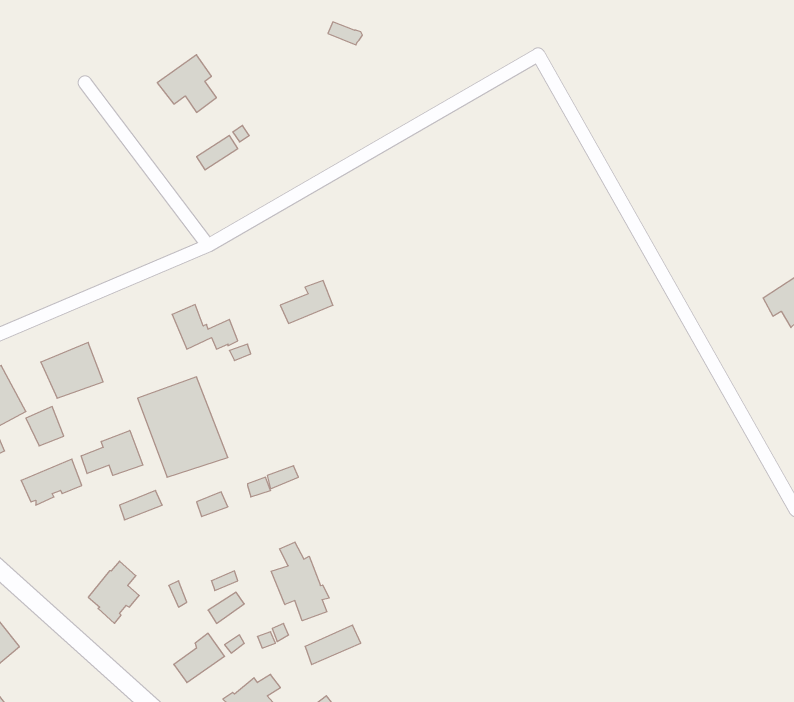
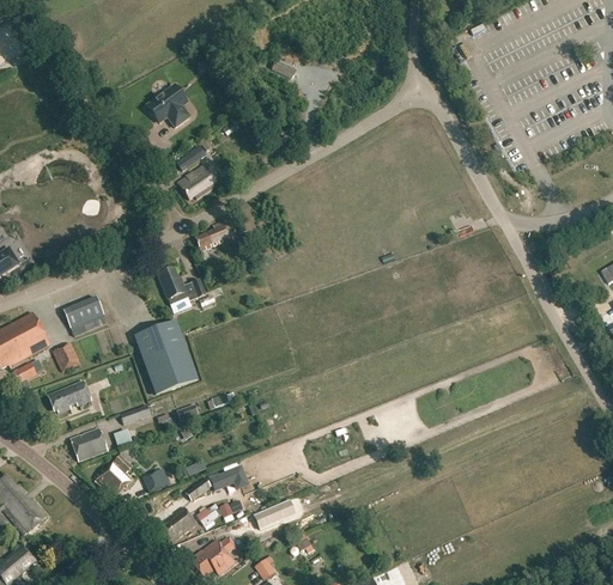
building: none -> [176,163,218,199]
building: [280,281,333,323] -> [194,219,232,250]
building: [81,430,143,475] -> none
building: none -> [69,427,107,461]
building: [271,542,329,621] -> none

